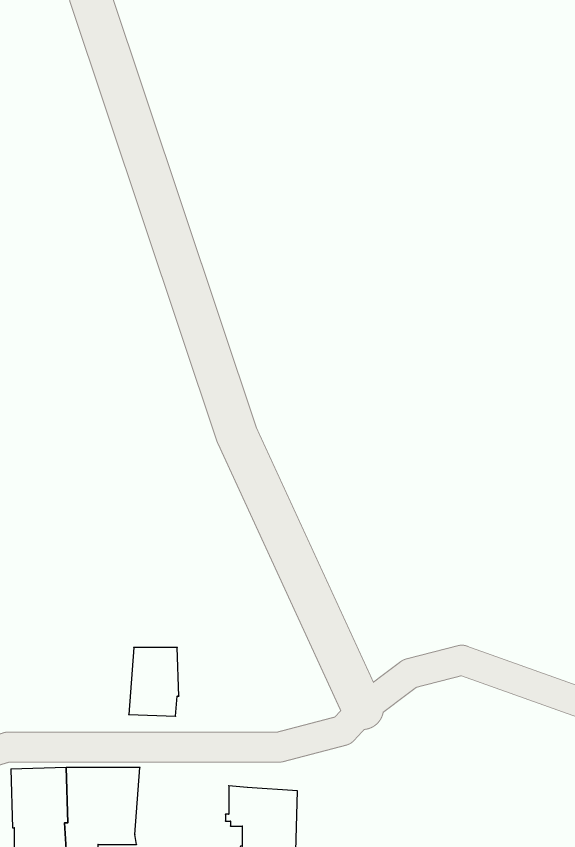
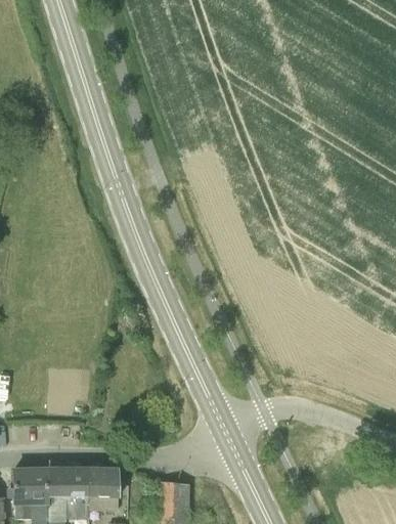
building: [129,647,179,716] -> [88,469,119,511]

